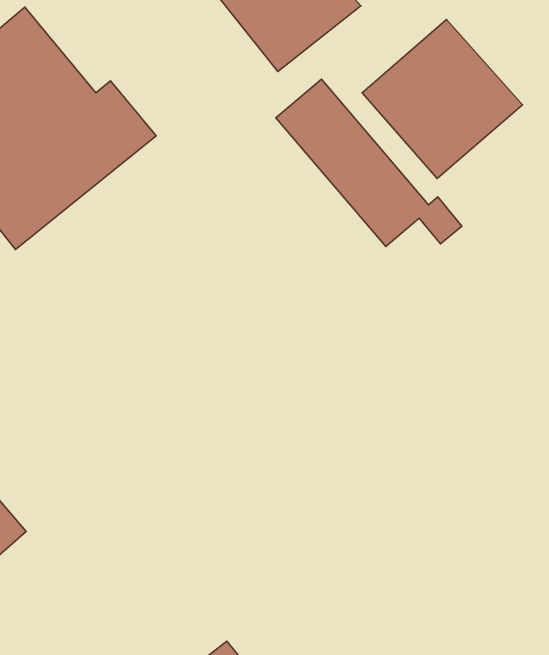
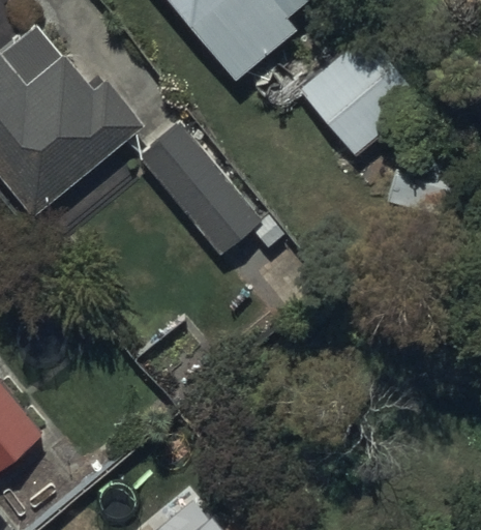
building: [276,79,462,246] -> [139,125,282,255]

